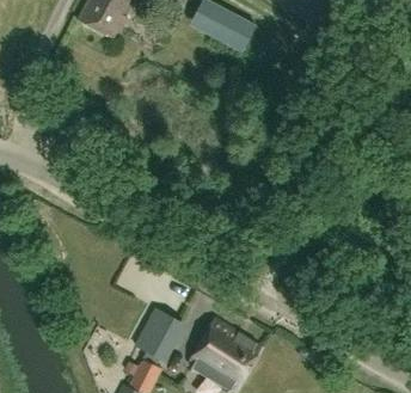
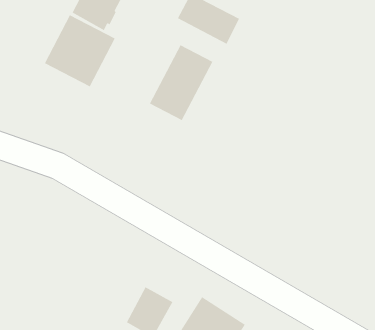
building: none -> [44,14,116,87]
building: none -> [149,44,213,121]

